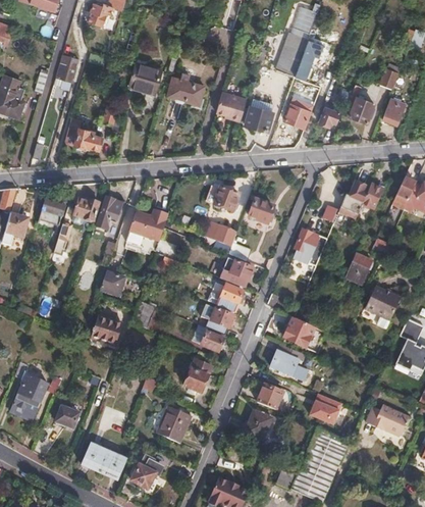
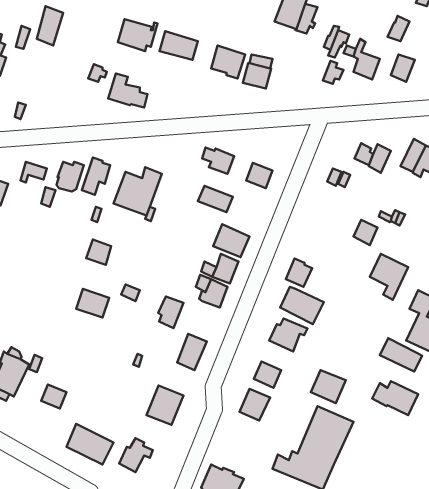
building: [280,97,313,129] -> none
building: [64,118,101,150] -> [108,73,147,107]
building: [294,229,318,255] -> [286,258,312,287]
building: [201,328,224,358] -> [158,296,183,328]
building: none -> [380,338,422,372]

